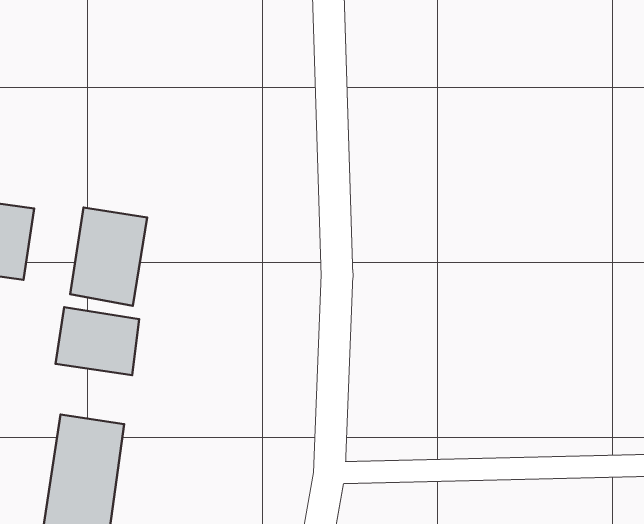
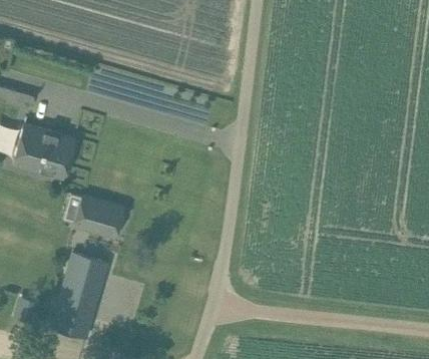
building: [70,207,147,306] -> none

